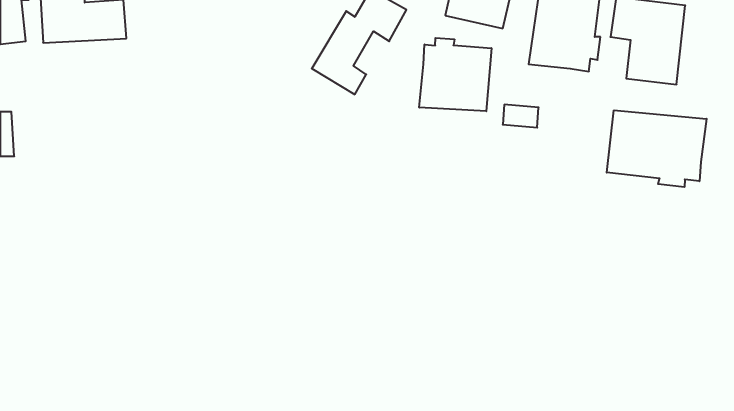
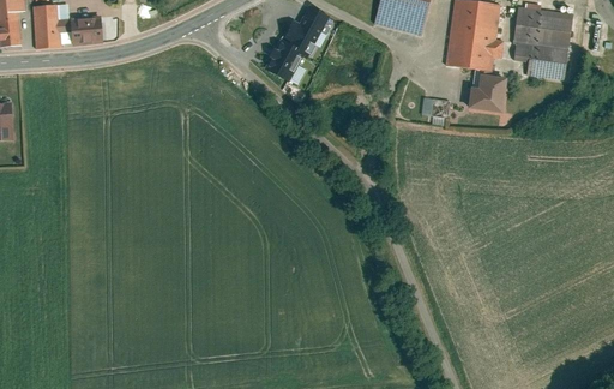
building: [419,38,491,111] -> none
building: none -> [470,68,508,110]
building: [607,110,707,187] -> none

